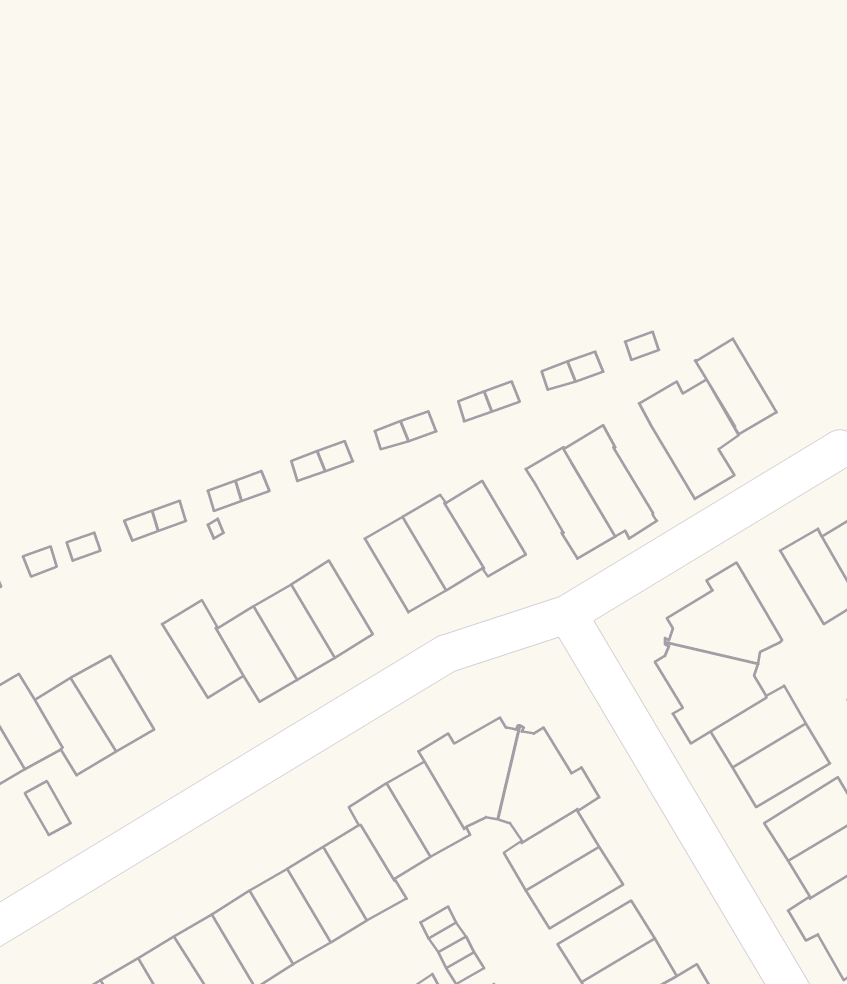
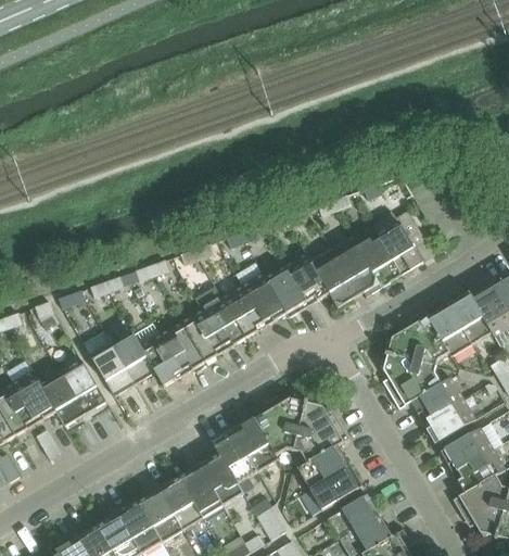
building: [695,339,777,434] -> [357,235,402,287]
building: none -> [285,252,330,305]
building: none -> [202,296,245,349]
building: none -> [428,303,472,356]
building: none -> [90,343,136,395]

